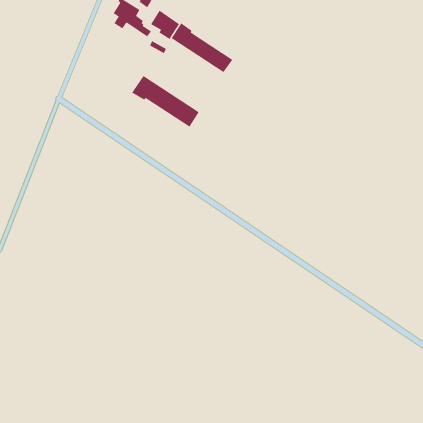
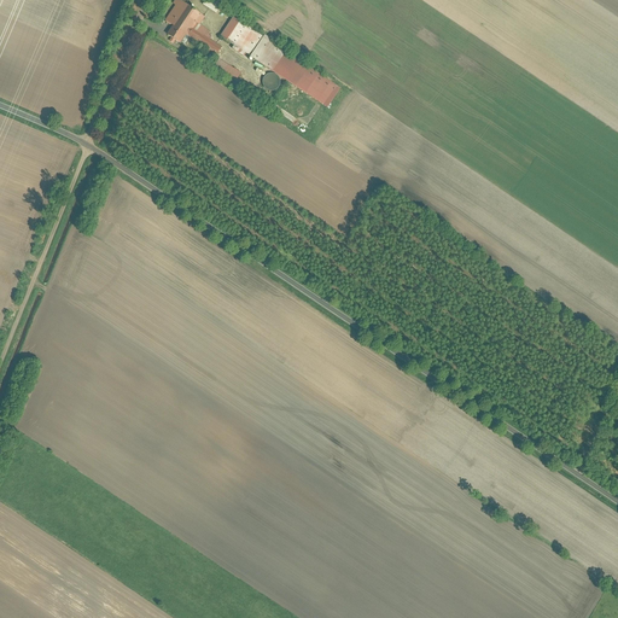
building: [131,75,199,128] -> none

